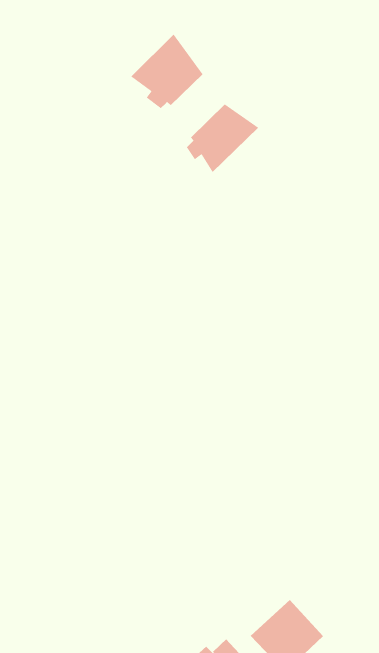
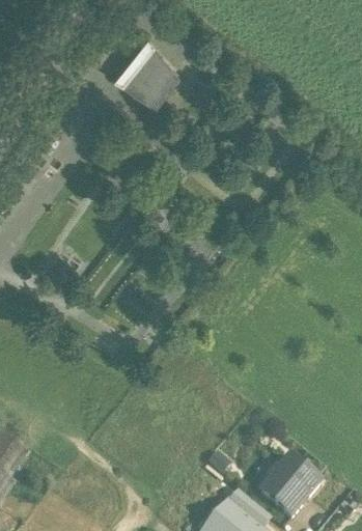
building: [186,104,259,173] -> none

